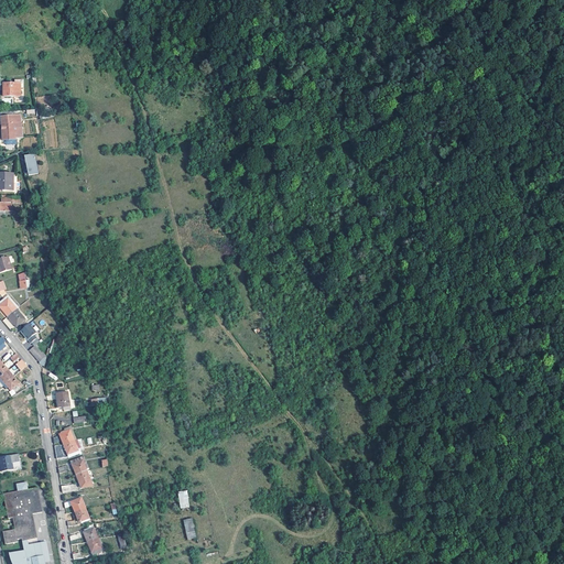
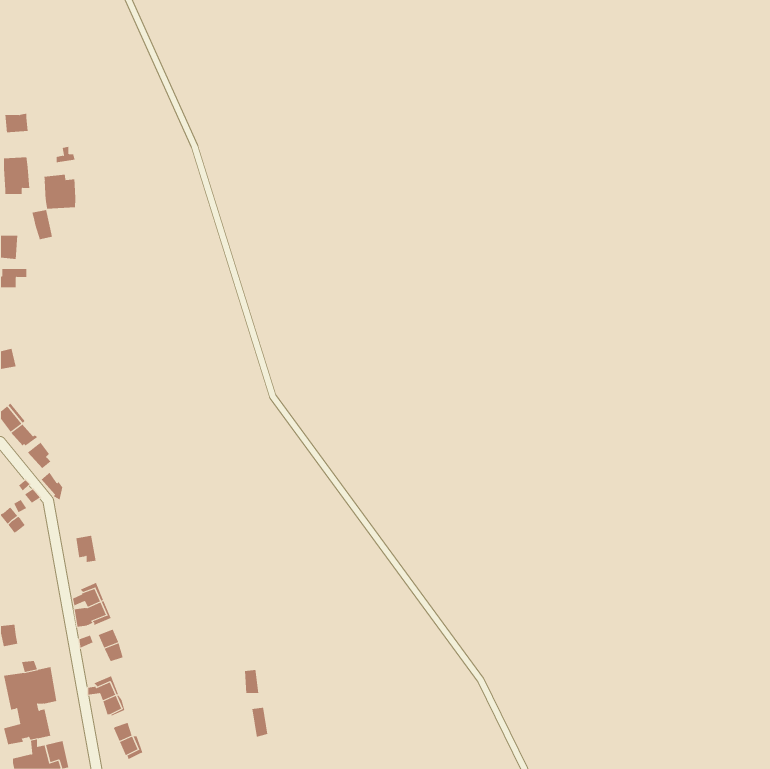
building: none -> [44,174,76,210]

